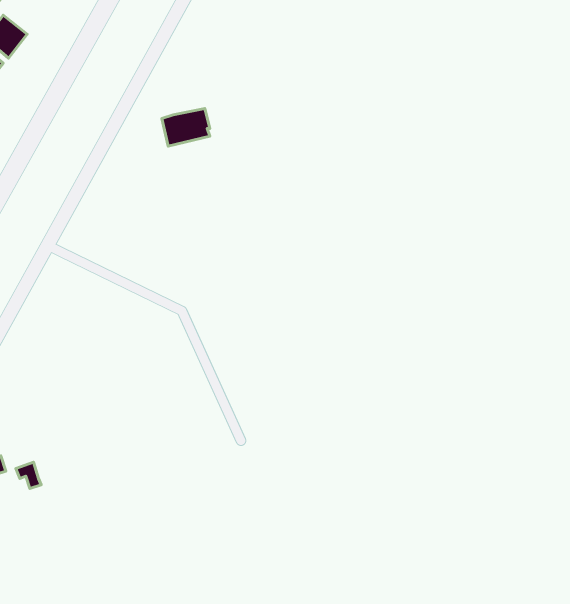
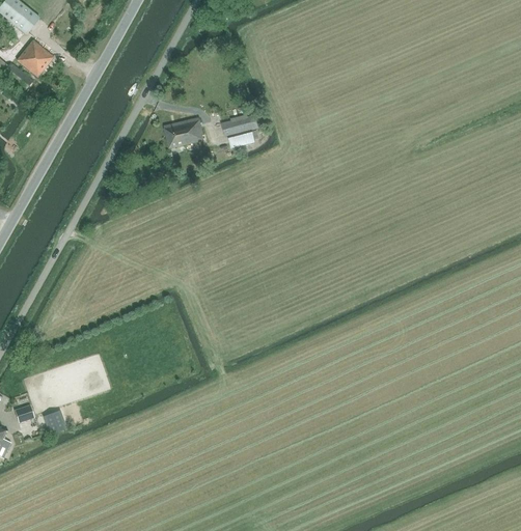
building: none -> [222,114,256,147]

